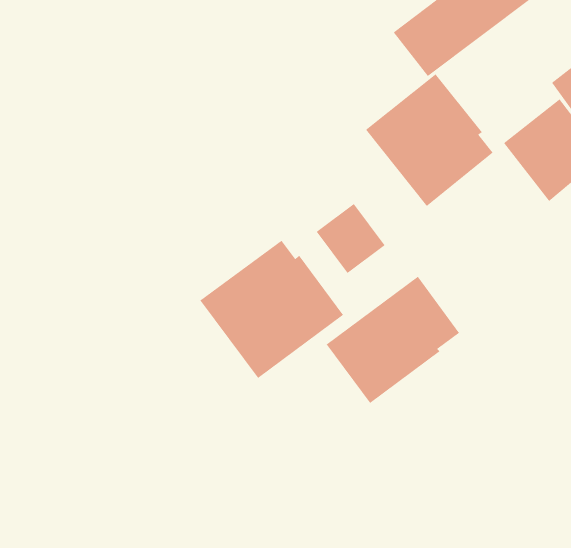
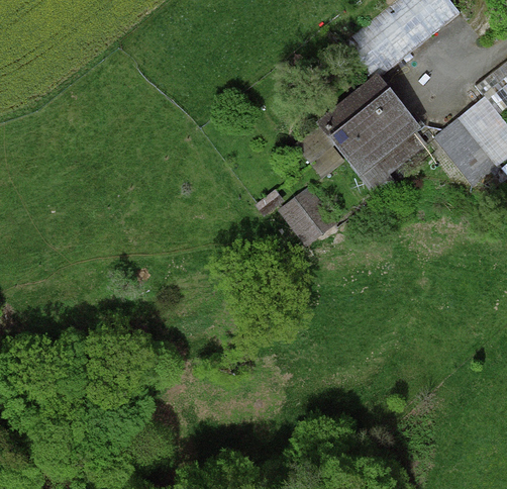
building: [200,240,344,379] -> none
building: [326,276,460,404] -> none

